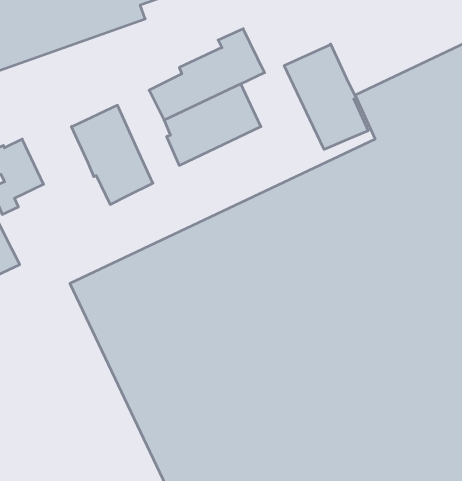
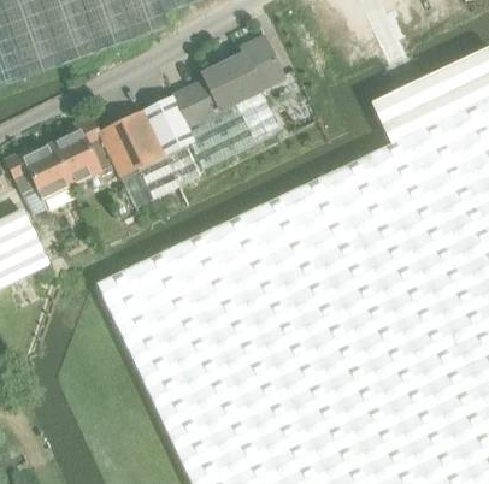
building: [284,44,368,149] -> none
building: none -> [142,96,199,185]
building: none -> [51,118,113,187]

